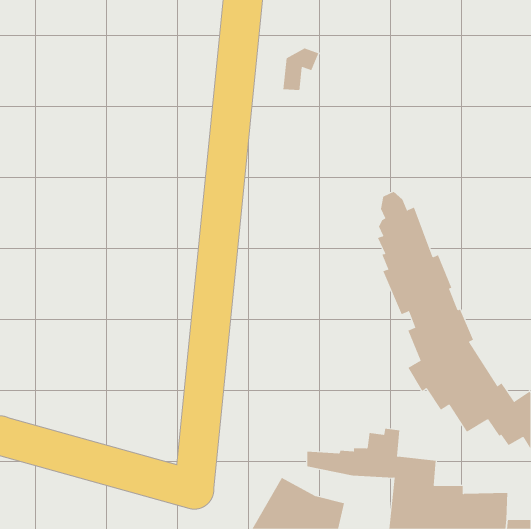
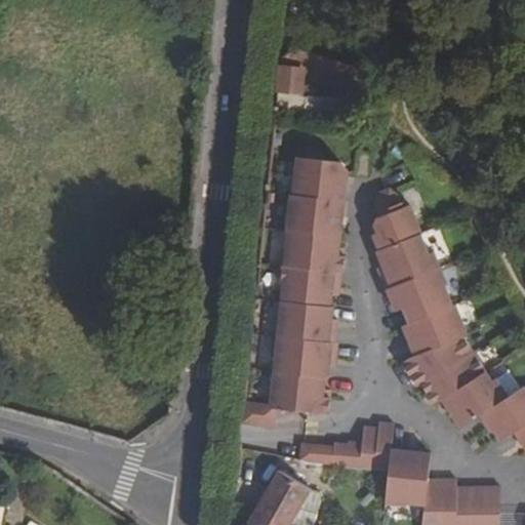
building: none -> [241,148,347,427]

